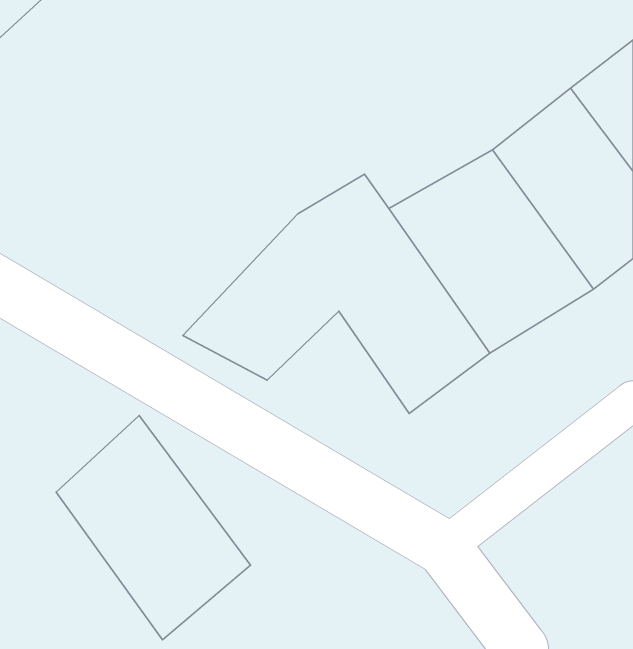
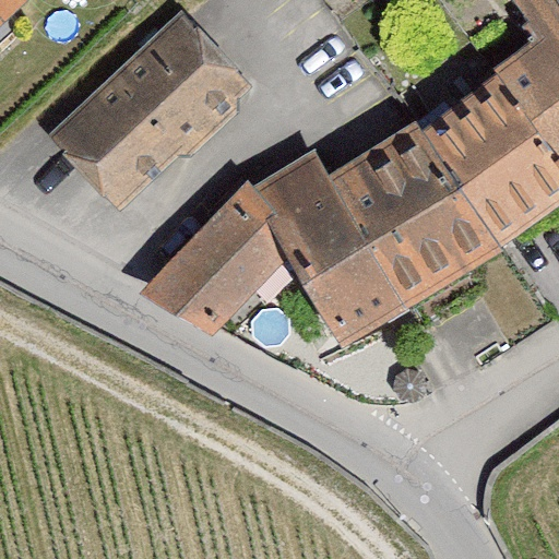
building: none -> [58,10,242,194]
building: [56,416,250,640] -> none

